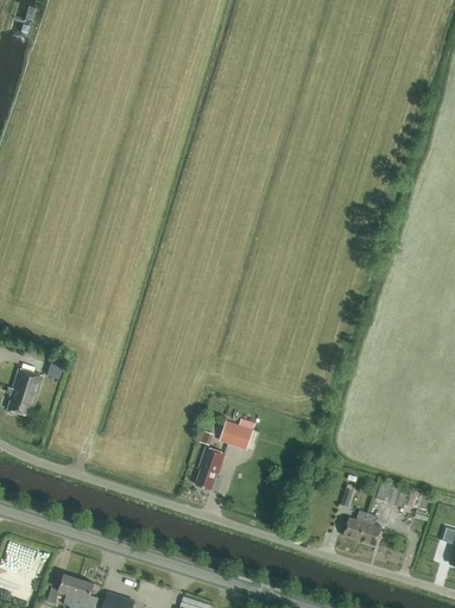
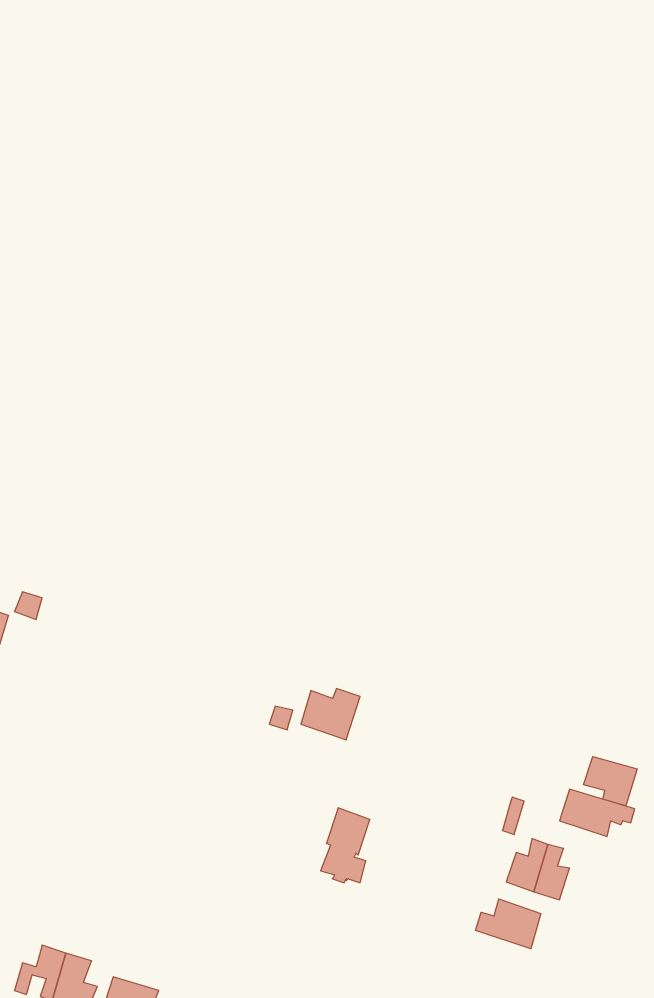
building: [195,446,225,492] -> [321,808,370,883]
building: none -> [583,757,637,806]
building: none -> [476,899,541,949]

